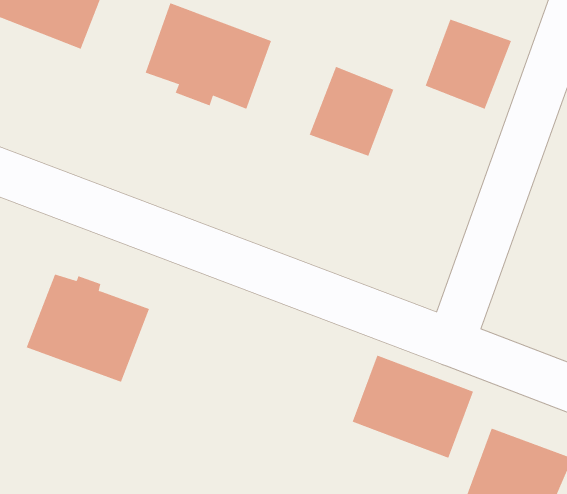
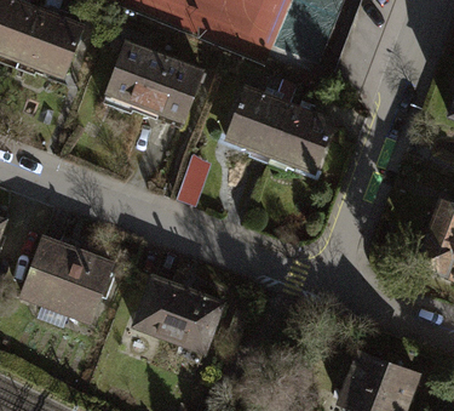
building: [425,19,512,109] -> [271,105,334,171]
building: [352,355,474,459] -> [134,275,223,350]

